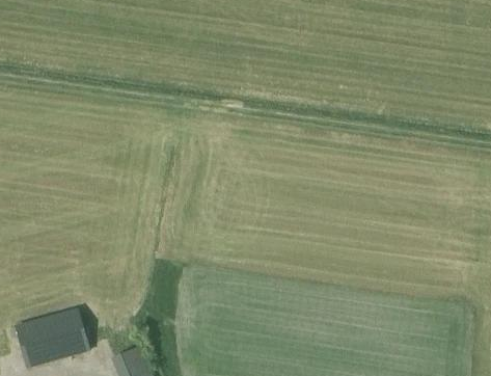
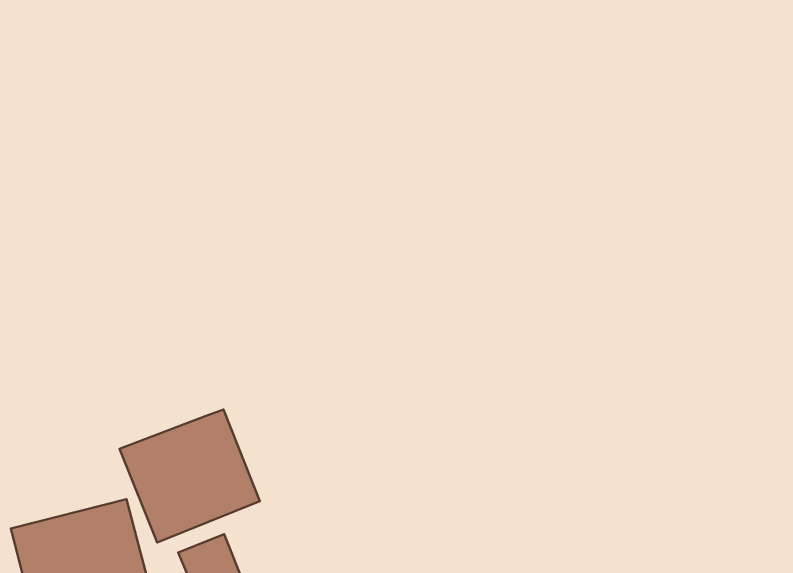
building: none -> [120,409,260,543]

